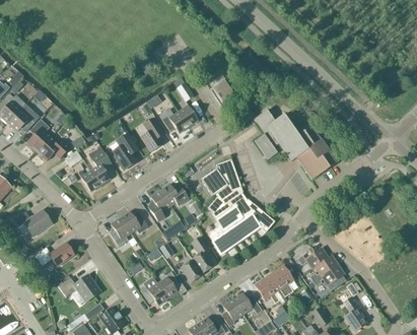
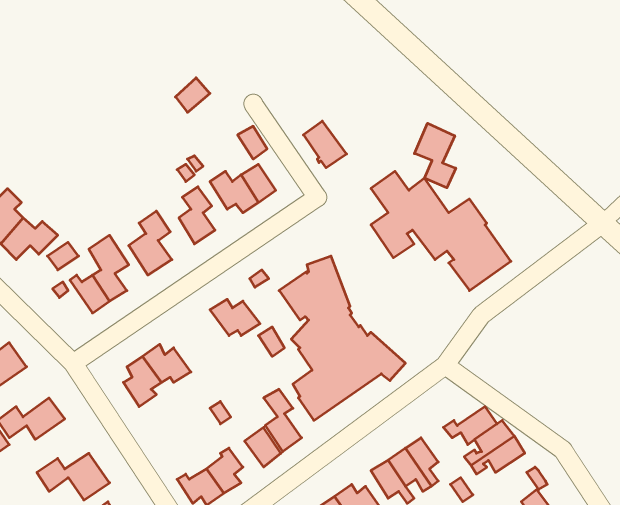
building: none -> [414,123,456,188]
building: [147,190,170,221] -> none

